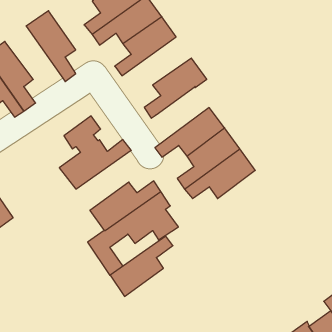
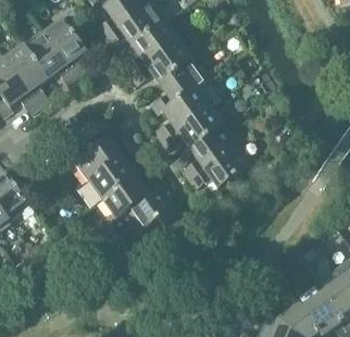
building: none -> [21,29,76,86]
building: none -> [128,39,192,85]
building: none -> [152,78,220,141]
building: [110,236,173,296] -> [86,143,143,199]

